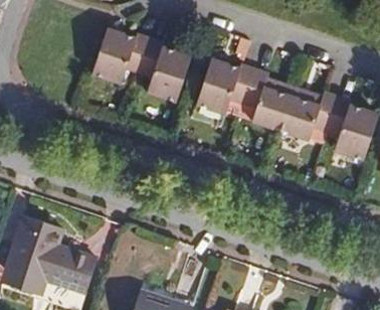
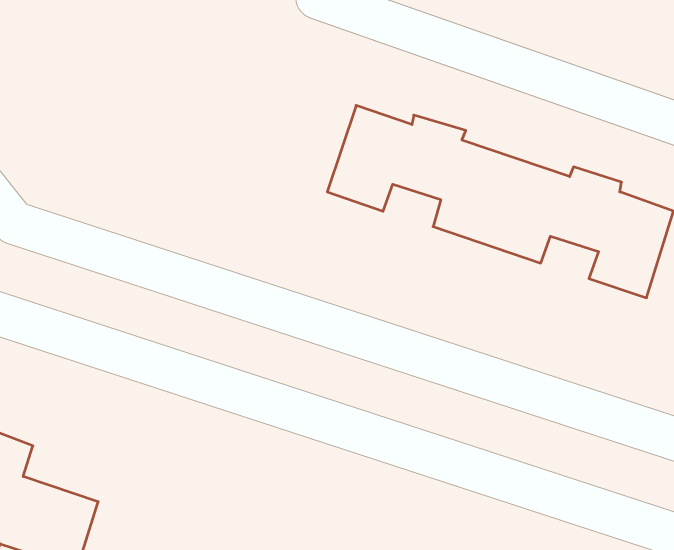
building: [91,26,190,100] -> none

